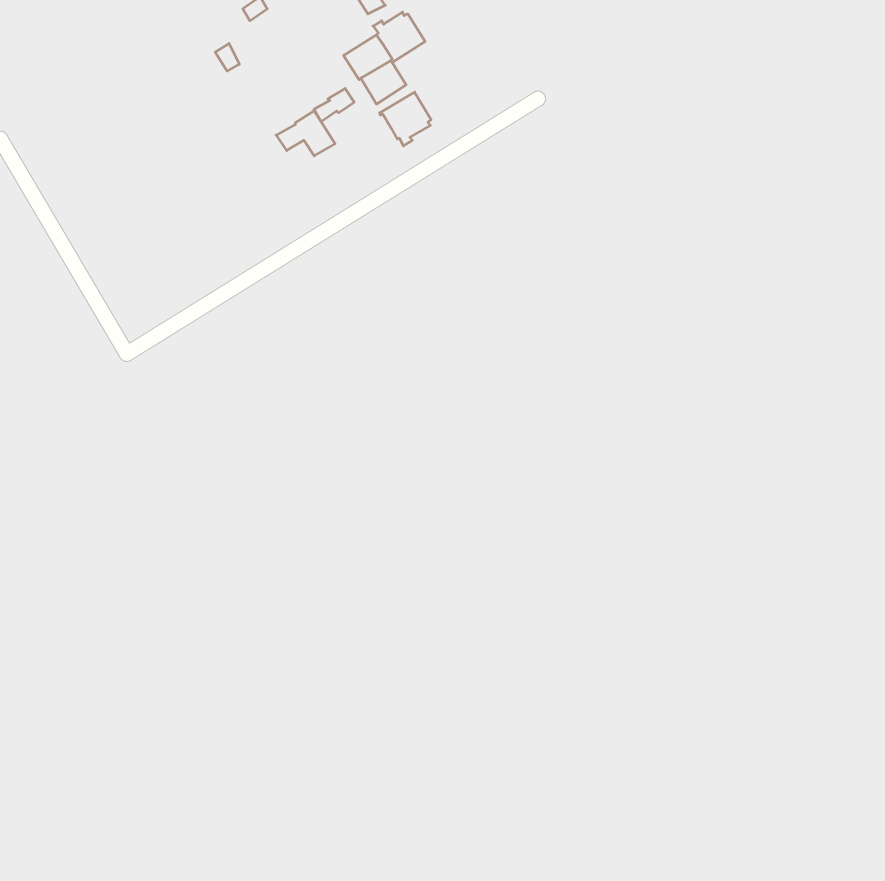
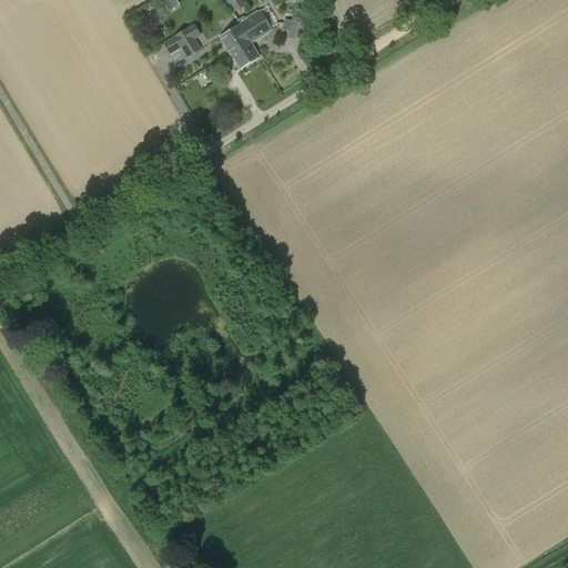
building: [380,92,431,146] -> none
building: [276,111,335,156] -> [164,26,202,54]

